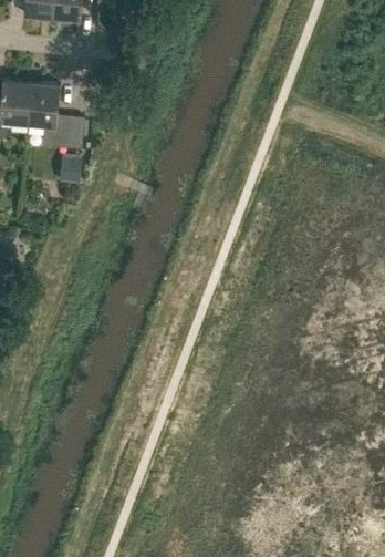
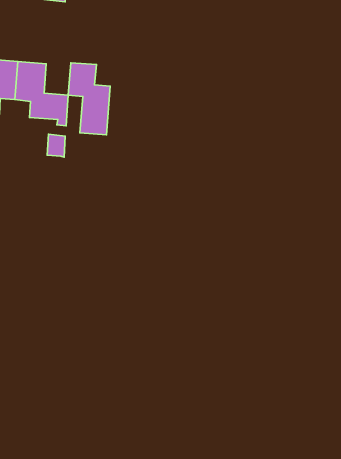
building: none -> [68,63,110,135]

